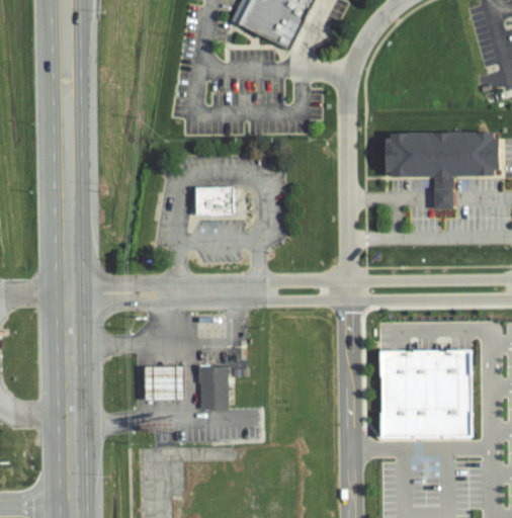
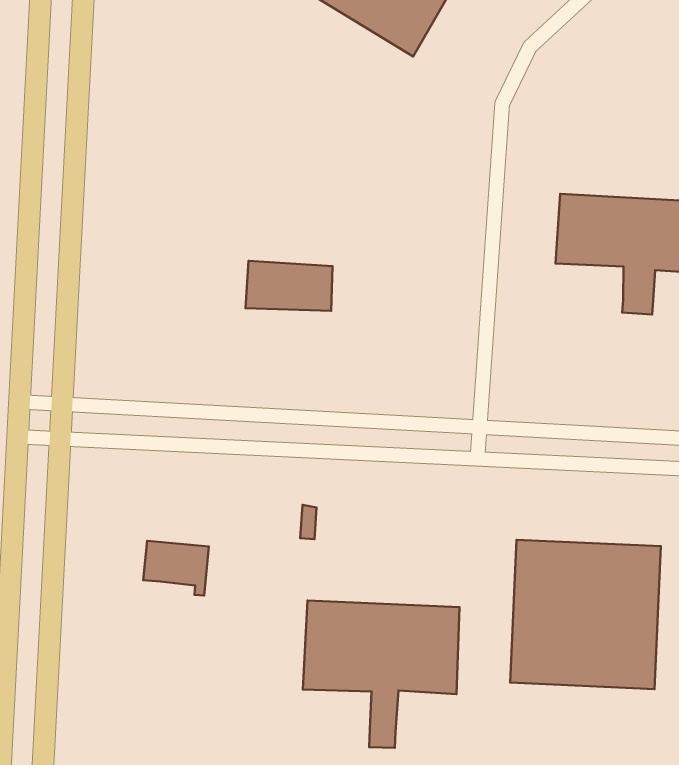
building: [197,367,227,412] -> none
building: none -> [303,600,460,748]

